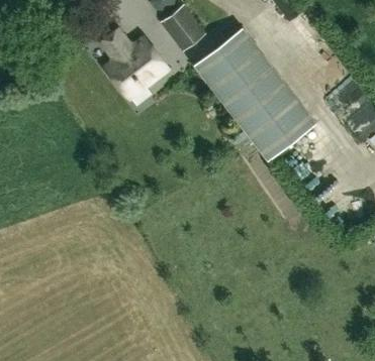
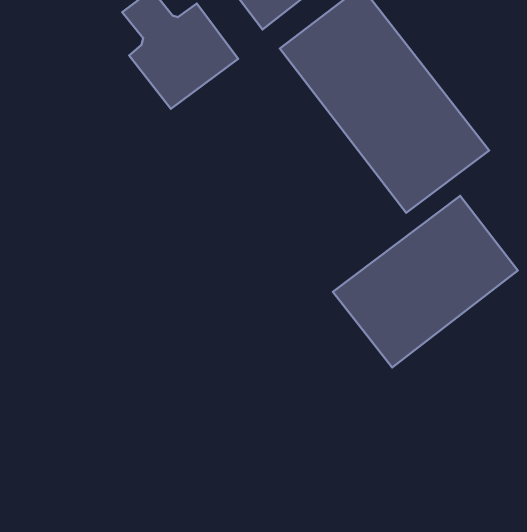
building: none -> [333,196,518,367]

